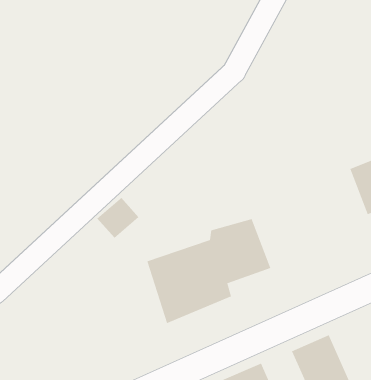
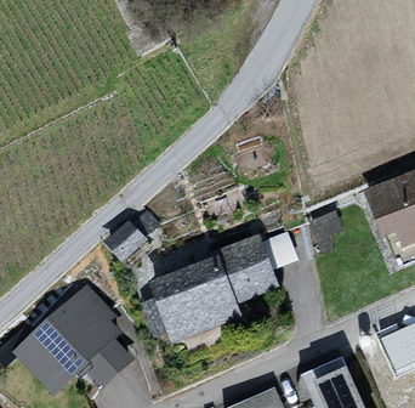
building: none -> [18,285,129,389]

